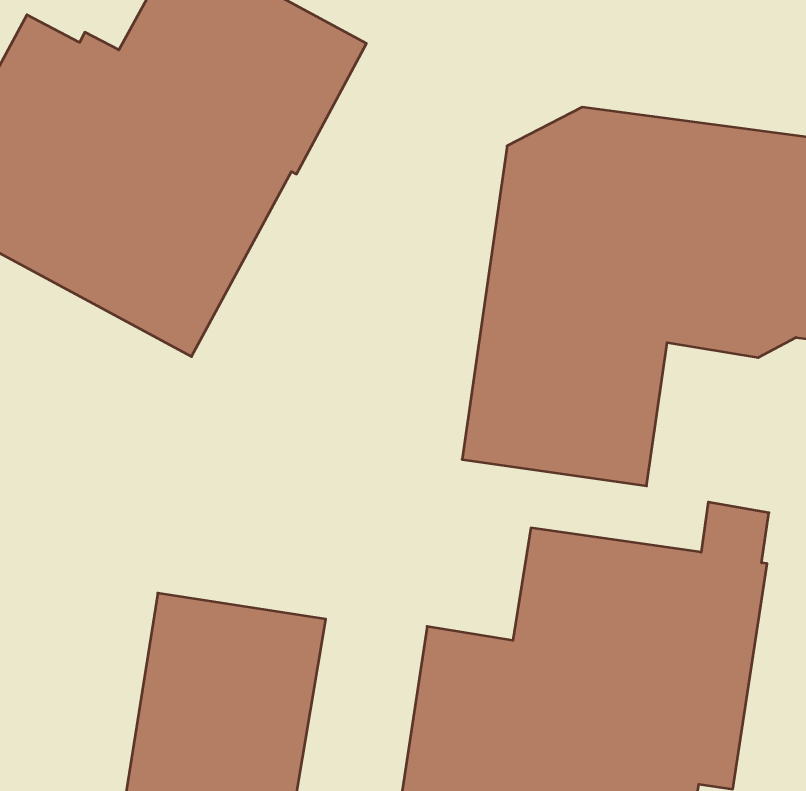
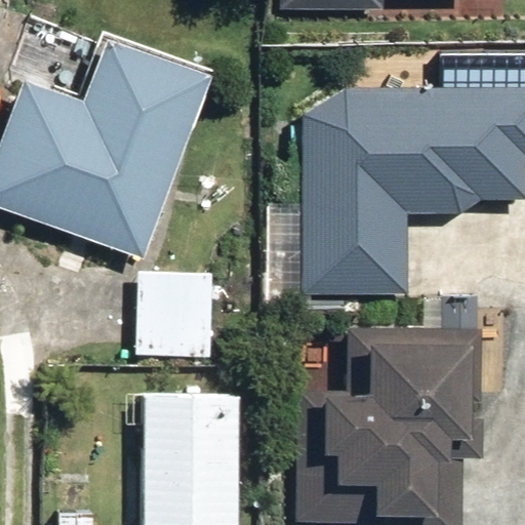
building: none -> [136,274,211,355]

